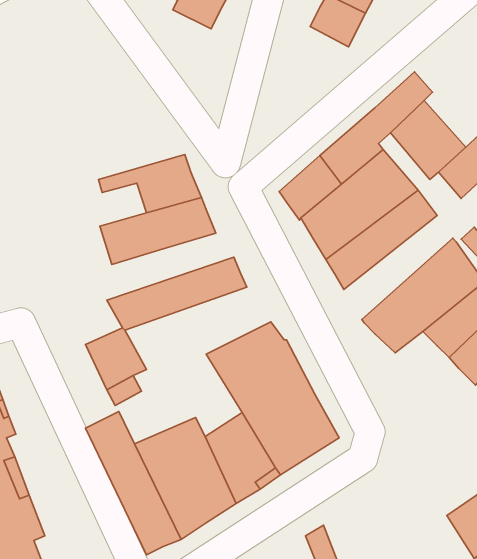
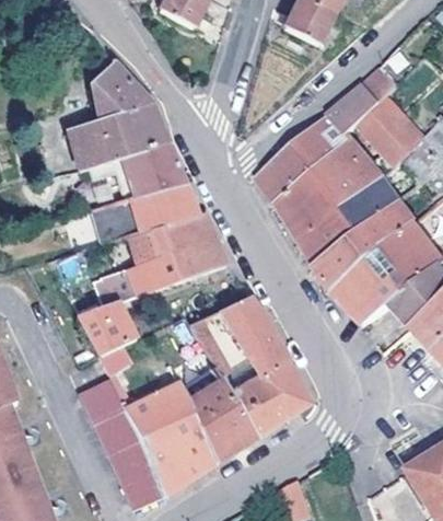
building: none -> [69,59,171,169]
building: none -> [316,198,416,293]
building: none -> [151,212,215,255]

